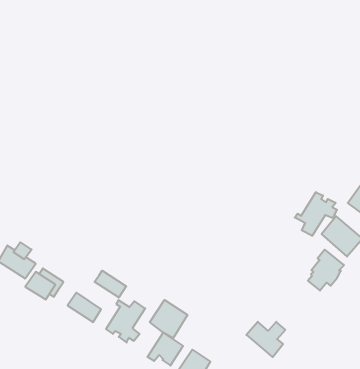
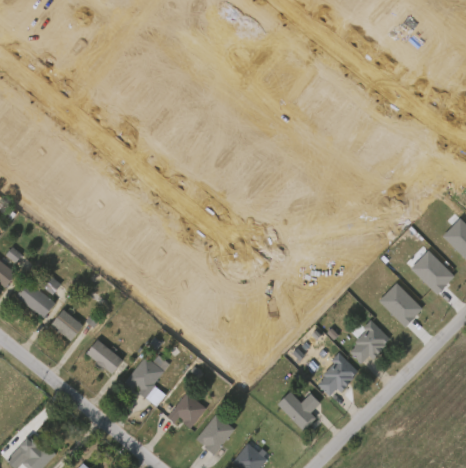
building: [295,192,337,236] -> none
building: [95,271,126,298] -> none
building: none -> [319,352,360,396]
building: [150,300,187,338] -> none

